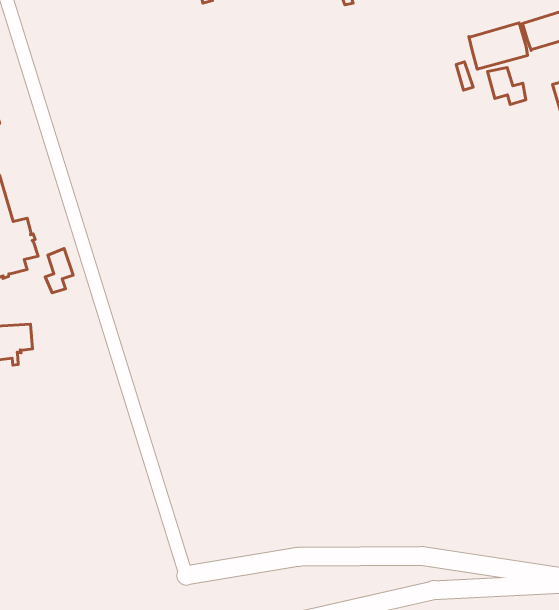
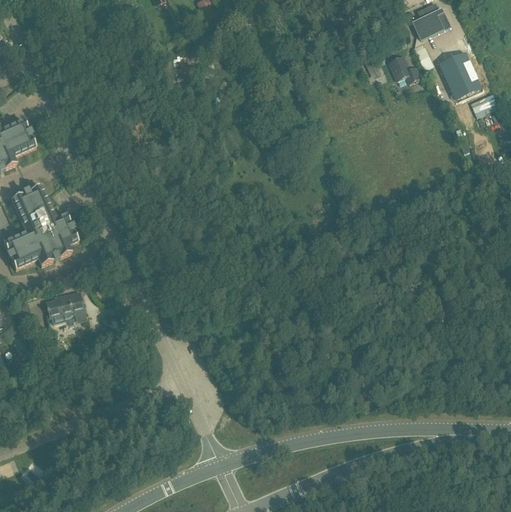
building: [469,23,528,69] -> none
building: [45,248,73,293] -> none

